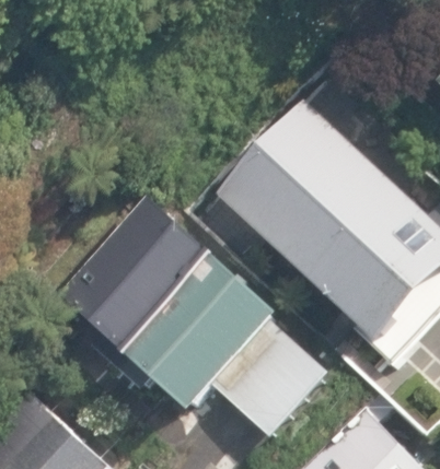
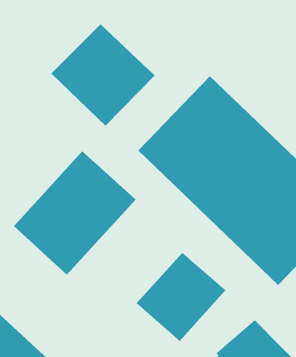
building: none -> [51,23,155,126]
building: [126,257,280,412] -> none

